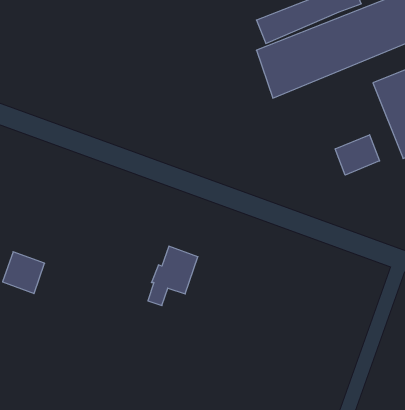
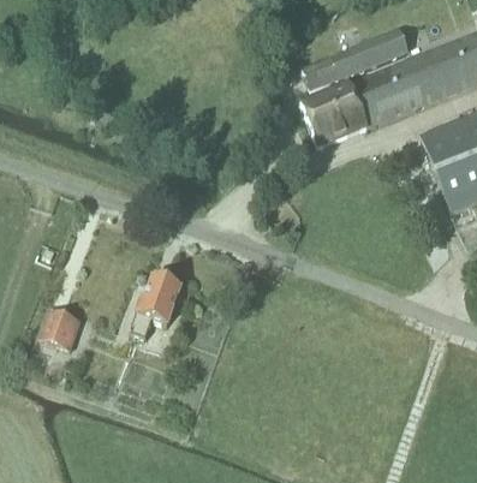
building: [335,135,380,175] -> none
building: [148,246,198,306] -> [132,274,184,335]

